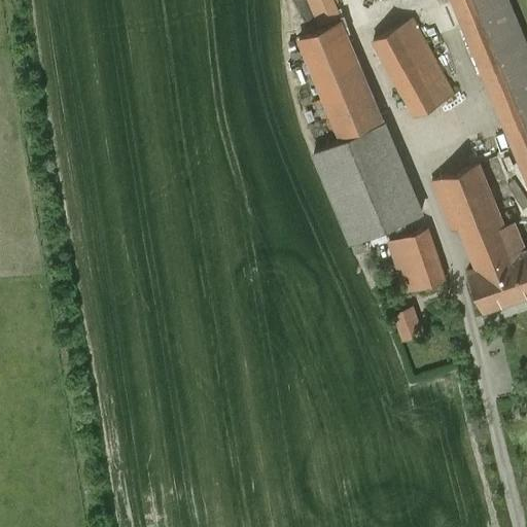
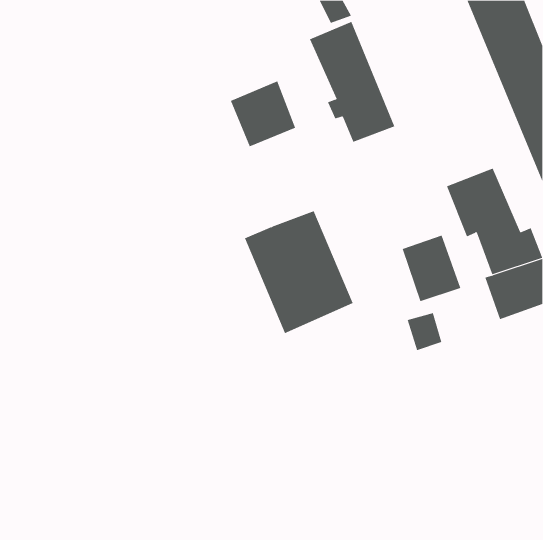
building: [374,22,454,116] -> none
building: none -> [230,81,296,147]
building: [315,126,421,245] -> [244,211,353,334]

